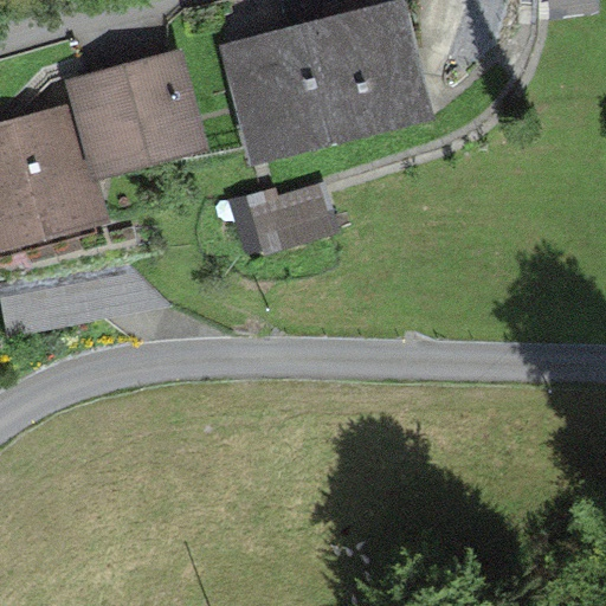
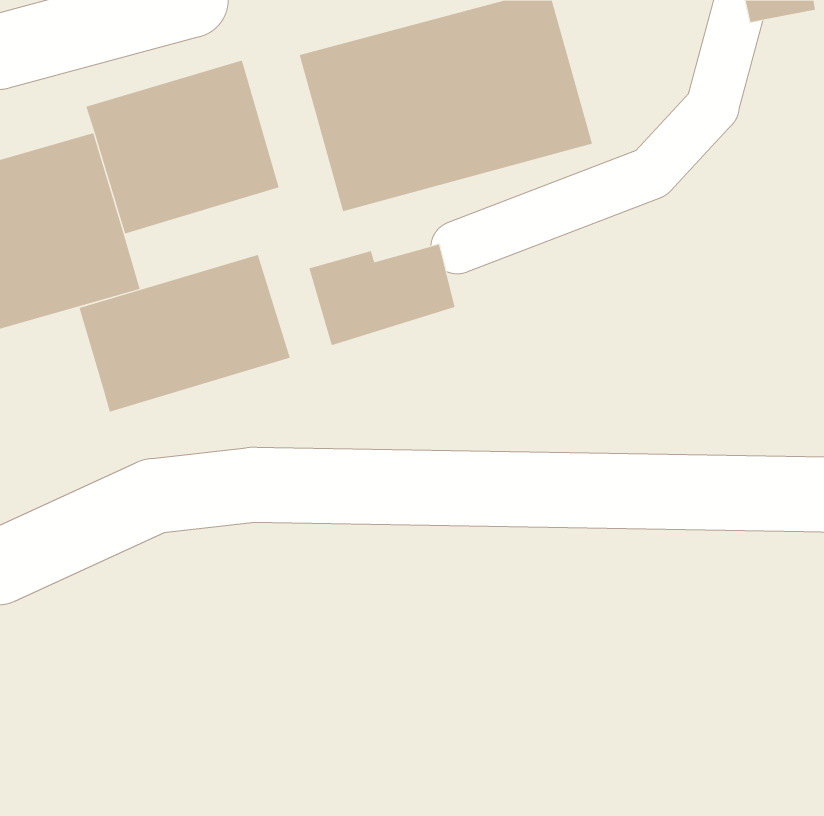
building: none -> [79,254,290,412]

